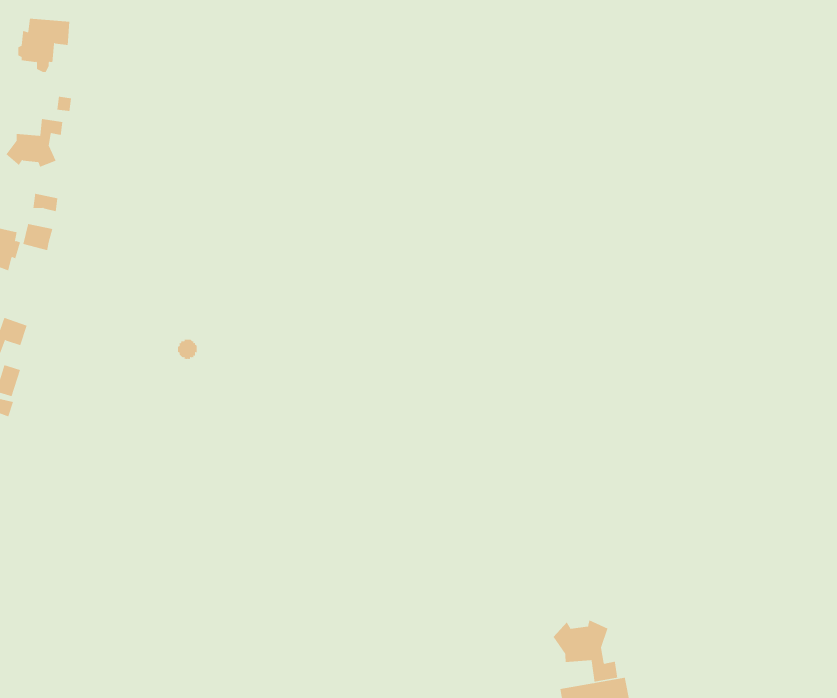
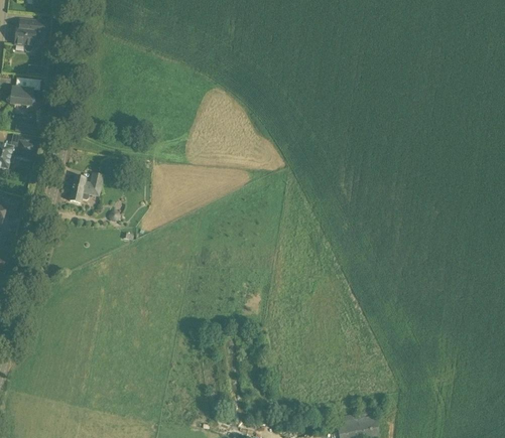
building: none -> [70,172,103,201]
building: [553,619,618,683] -> none

